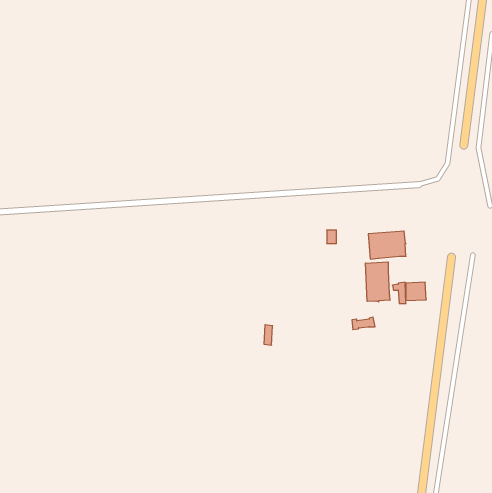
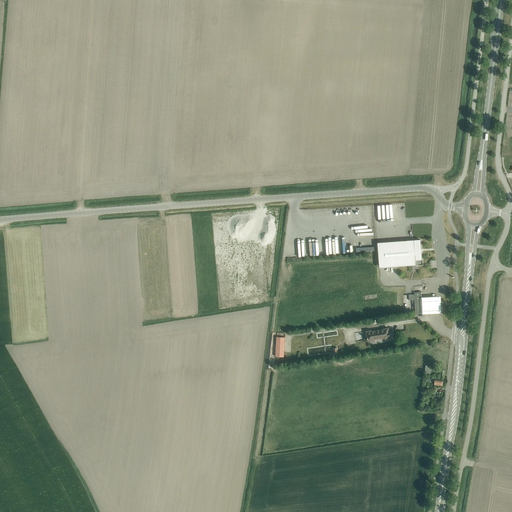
building: [365,262,390,302] -> none

